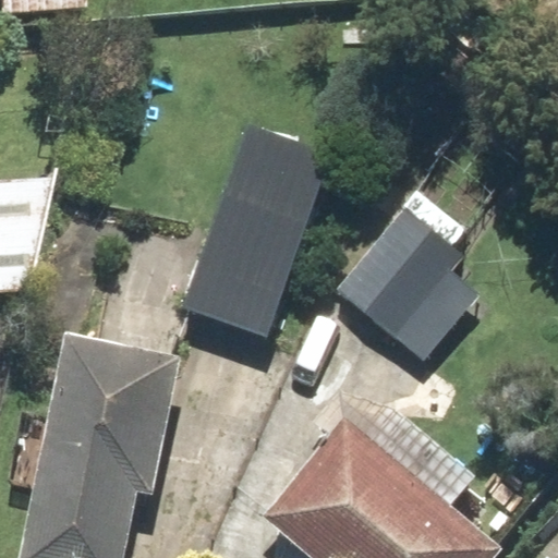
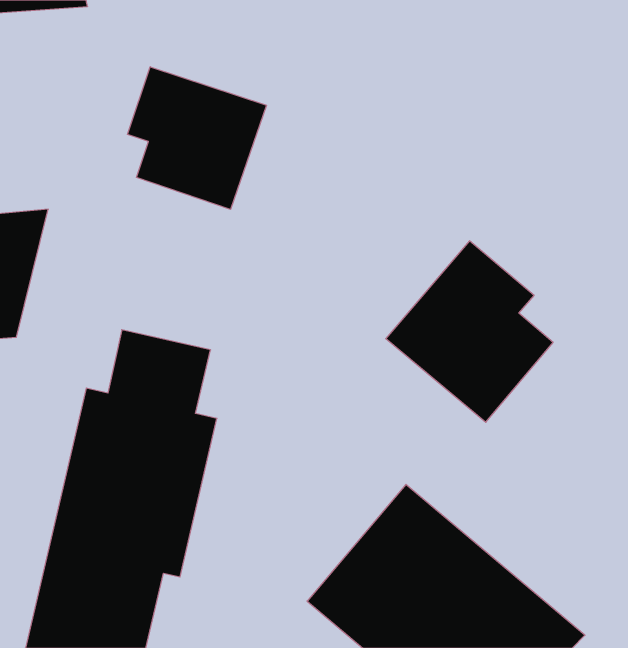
building: none -> [127,67,266,209]
building: [183,162,301,336] -> none

